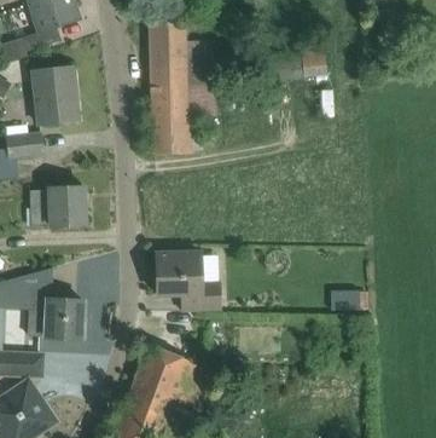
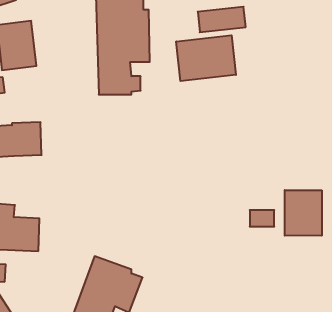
building: none -> [176,35,236,81]
building: [156,250,221,310] -> none
building: none -> [285,190,322,236]

